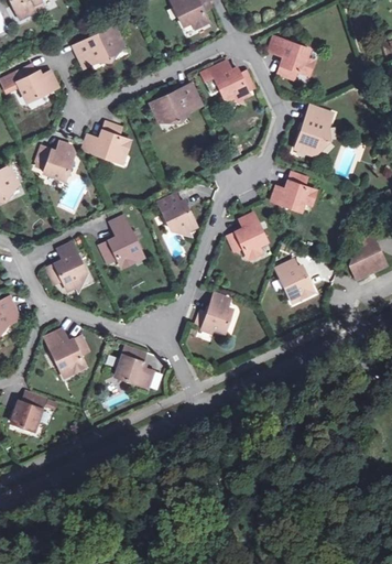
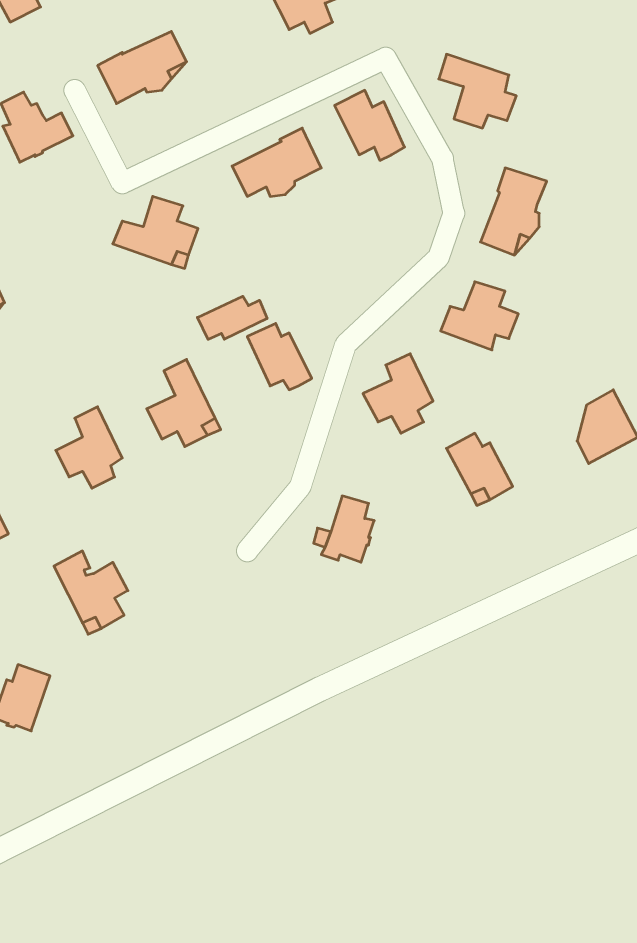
building: [35,142,74,178] -> none
building: none -> [197,296,267,339]
building: [116,347,153,388] -> none

